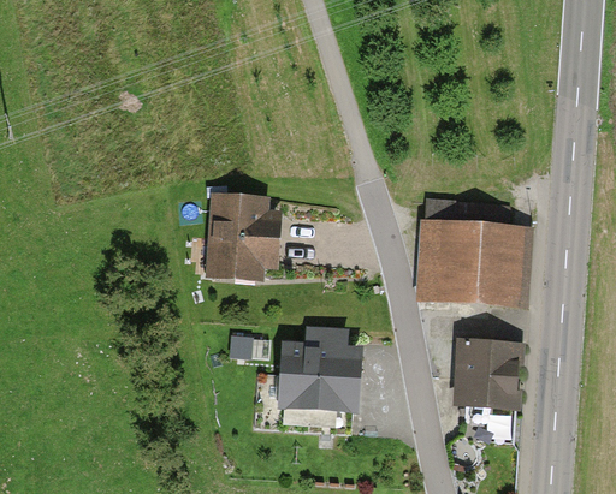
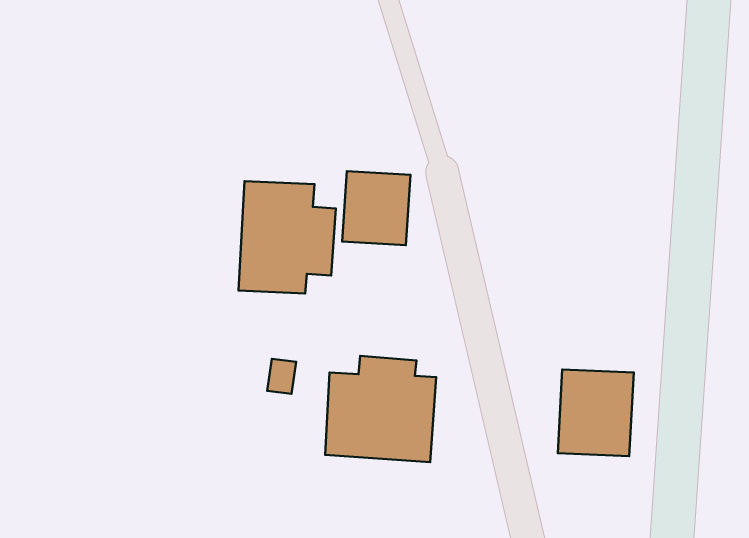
building: none -> [342,171,411,245]
building: [417,220,528,305] -> none

